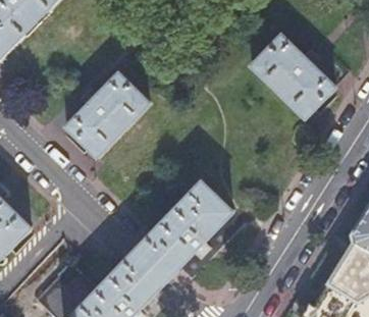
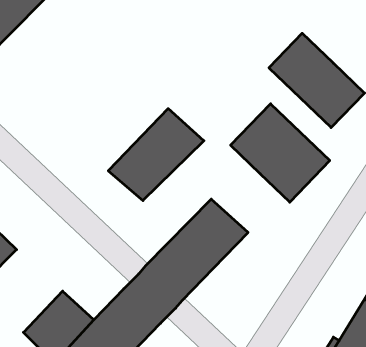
building: [62,73,147,155] -> [108,109,204,201]
building: none -> [231,104,330,202]

